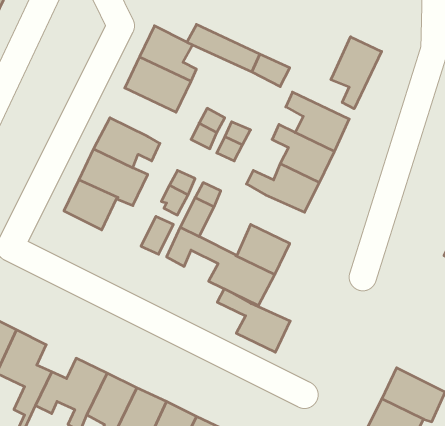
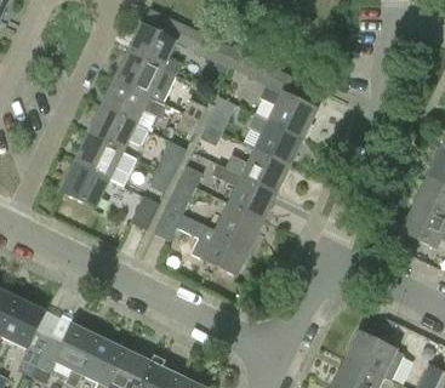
building: [331,37,382,109] -> none
building: none -> [102,80,166,124]
building: [217,289,290,352] -> [211,162,276,219]

